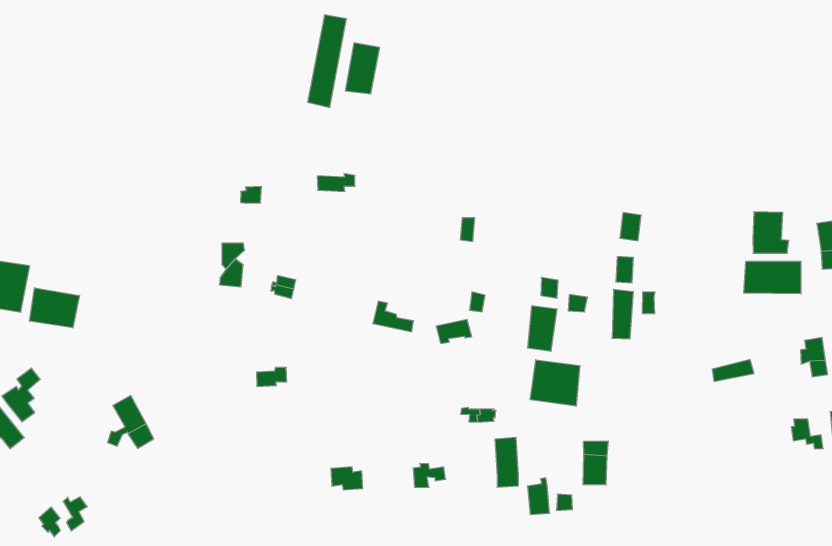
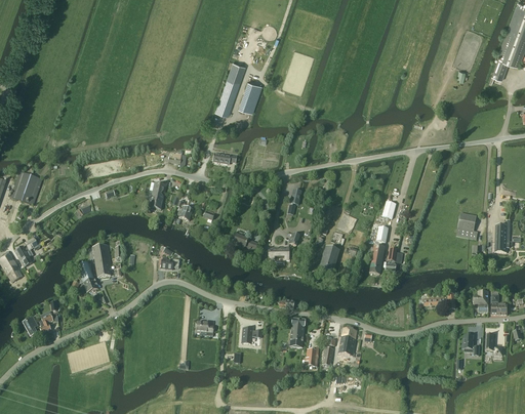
building: [744,261,801,294] -> none
building: [29,288,80,328] -> none
building: [530,360,580,406] -> none
building: none -> [93,245,111,277]

